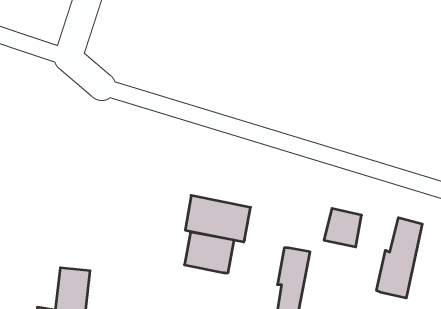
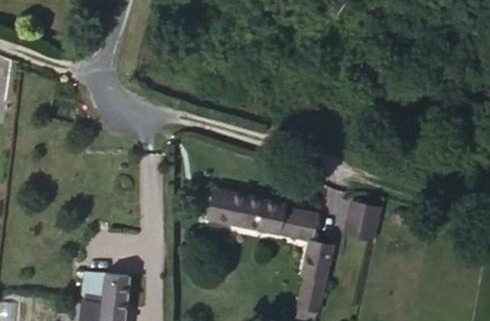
building: [377,218,422,298] -> none
building: [184,232,234,273] -> [270,212,320,253]

